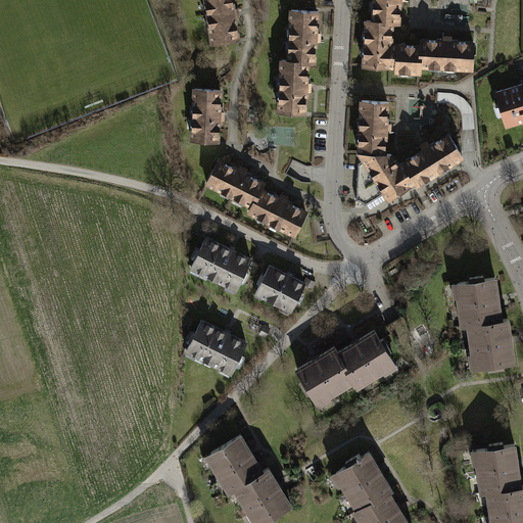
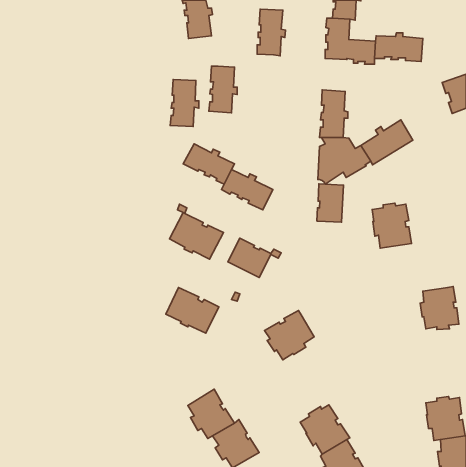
building: [277,61,308,113] -> [209,66,237,113]
building: none -> [317,184,343,222]
building: [456,277,500,327] -> [372,203,411,248]
building: [336,331,392,383] -> none

